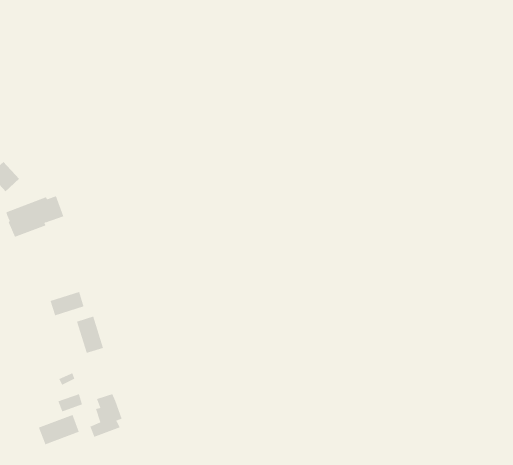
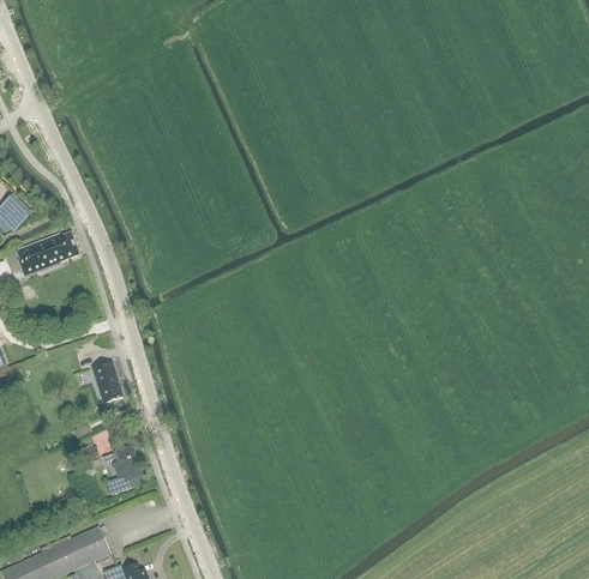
building: [50,291,84,316] -> none
building: [38,414,79,445] -> none

